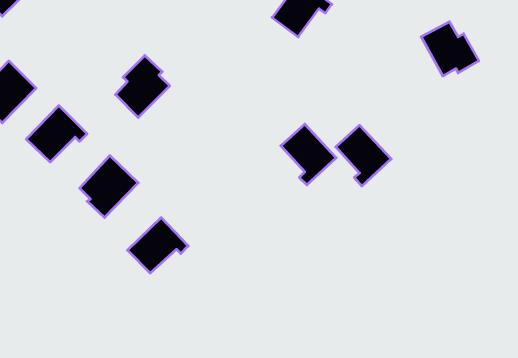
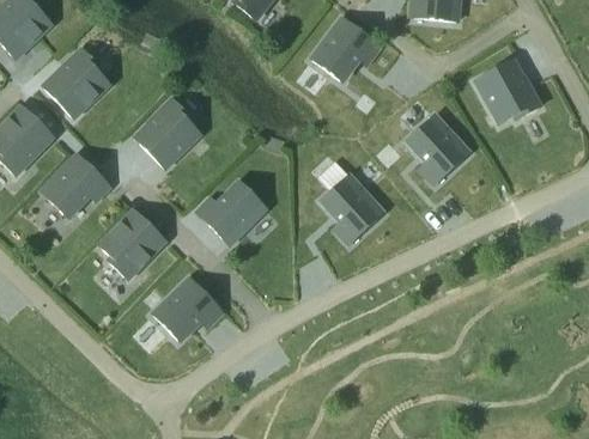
building: none -> [43,48,108,116]
building: [336,125,391,186] -> [407,114,468,181]
building: none -> [196,181,263,242]

